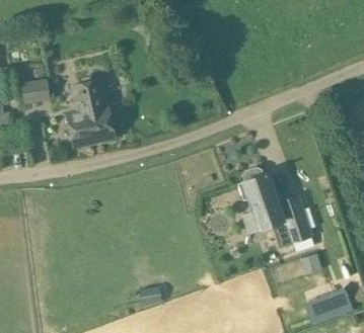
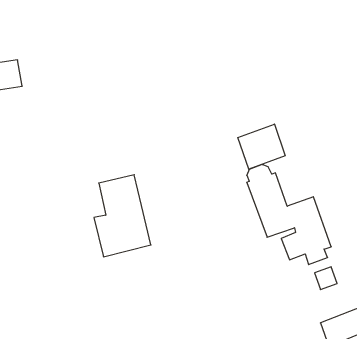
building: [65,78,114,148] -> [94,175,151,257]
building: none -> [238,124,285,169]

